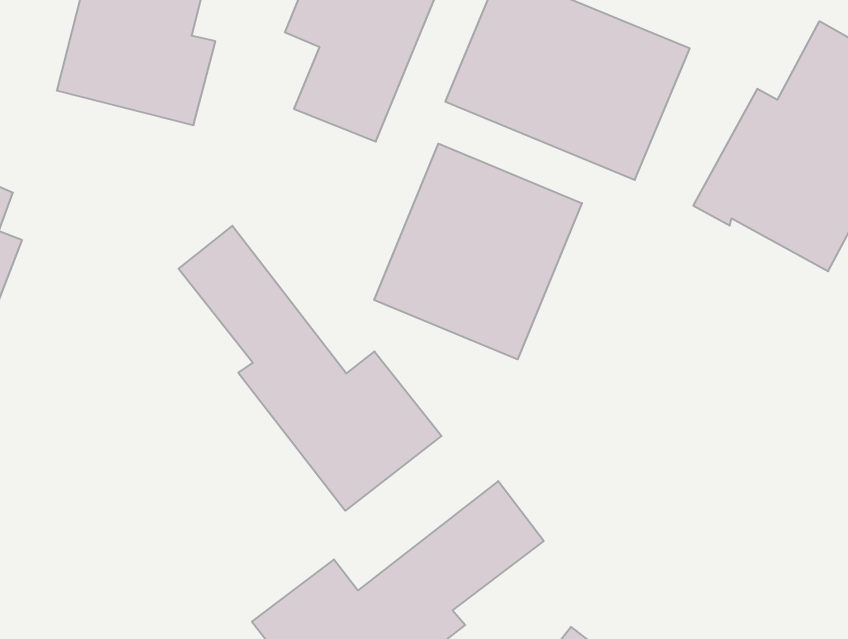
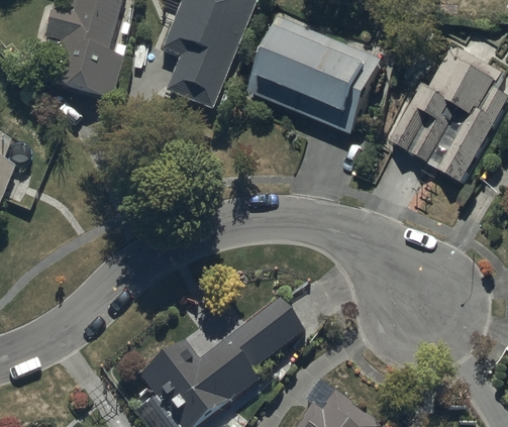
building: [374,144,582,359] -> none
building: [179,226,442,511] -> none

